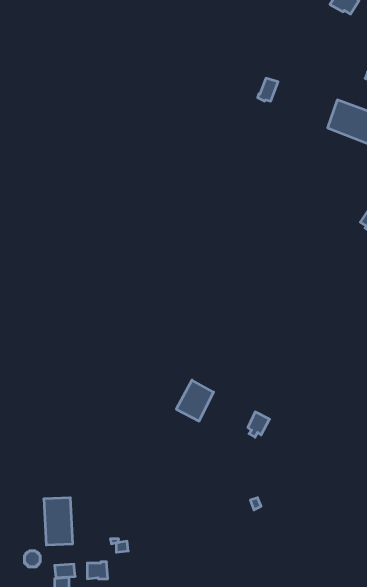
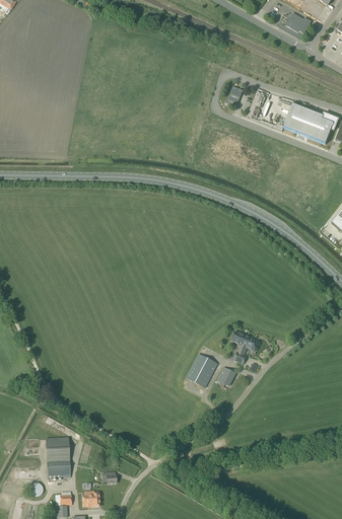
building: none -> [231,330,259,363]
building: [176,380,214,421] -> [186,353,217,387]

